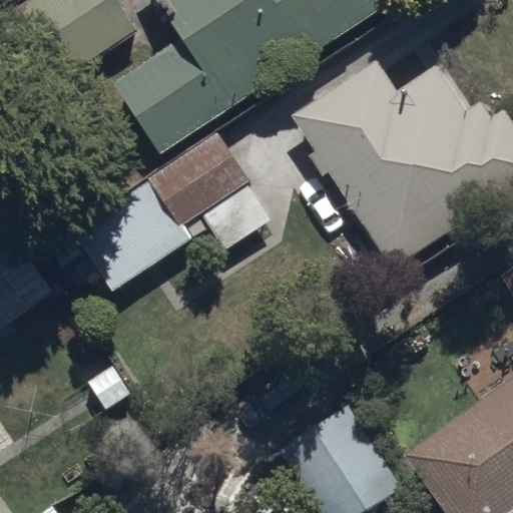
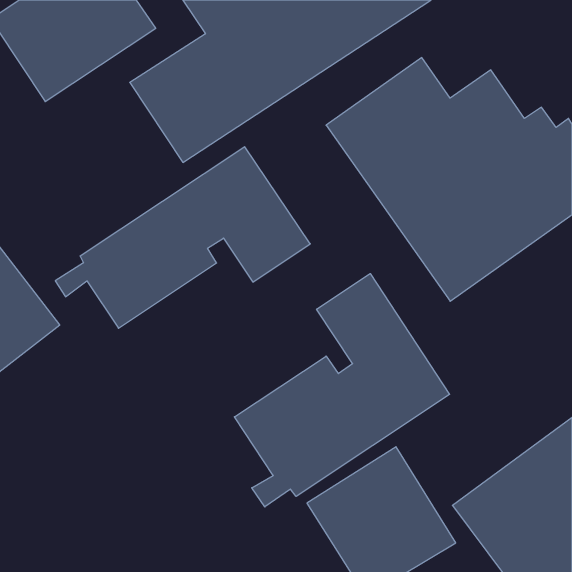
building: none -> [234,274,450,507]

